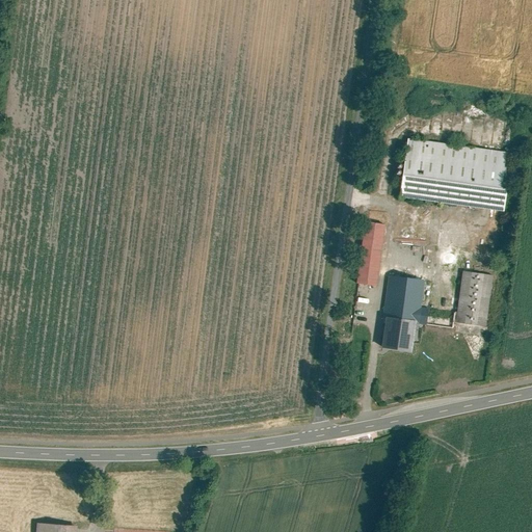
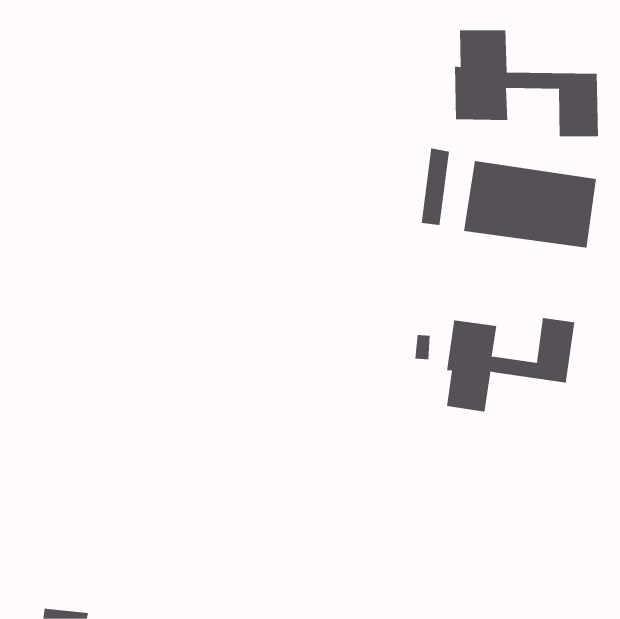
building: none -> [454,29,598,137]
building: [361,217,385,284] -> [421,148,450,226]

